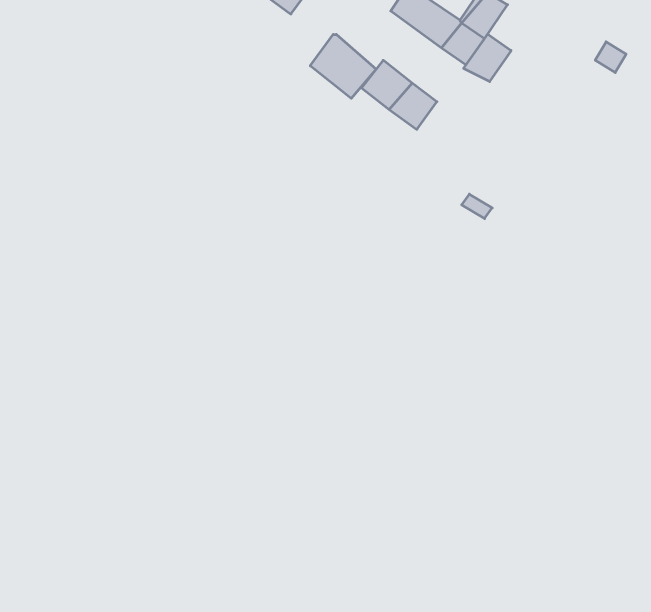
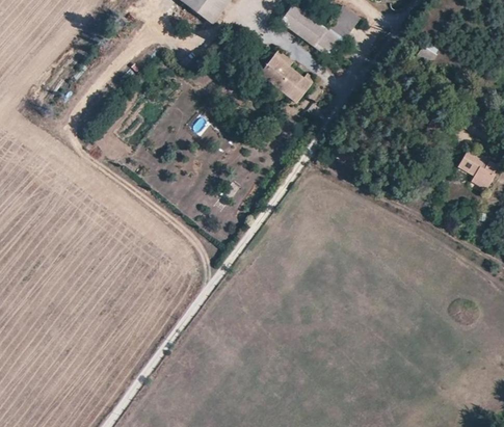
building: [464,34,511,82] -> none
building: [310,34,376,98] -> none

